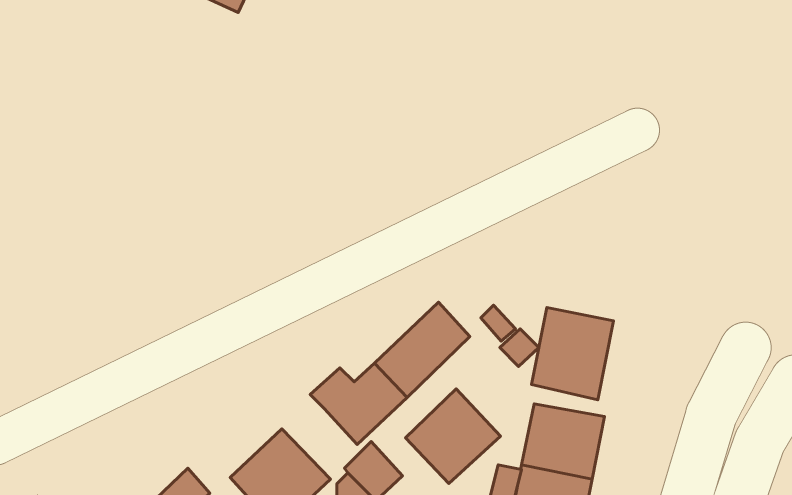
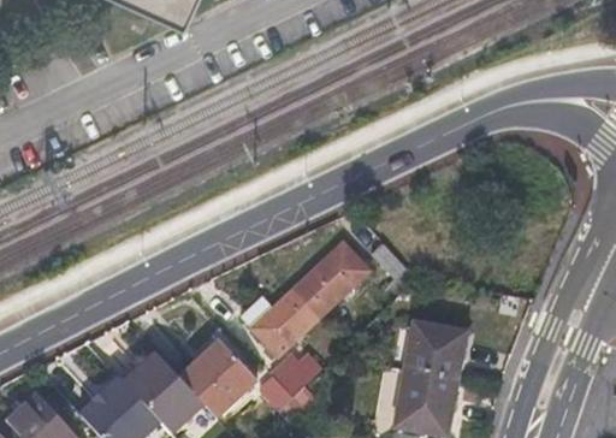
building: [532,308,614,400] -> none
building: [406,389,501,484] -> none

